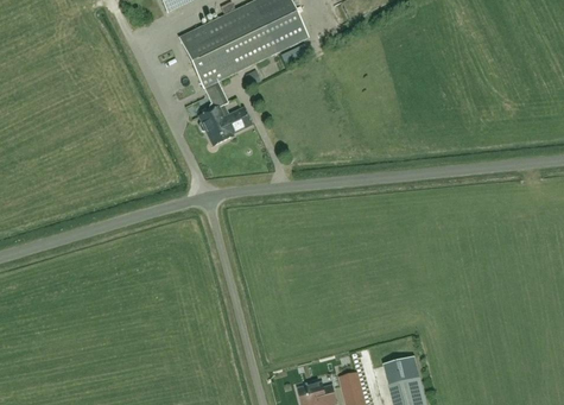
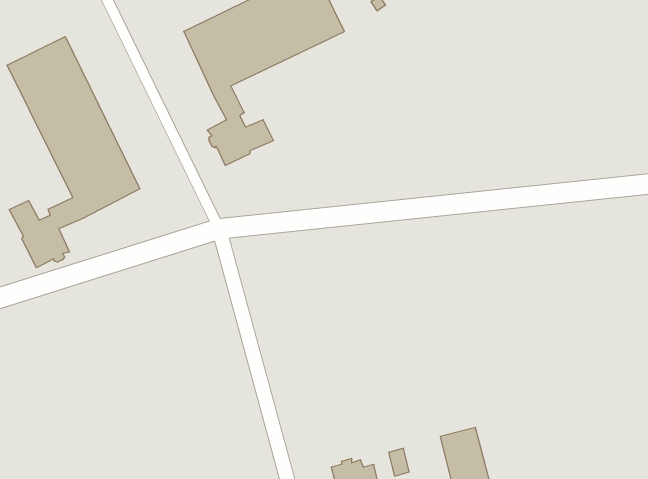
building: none -> [7,37,140,268]

